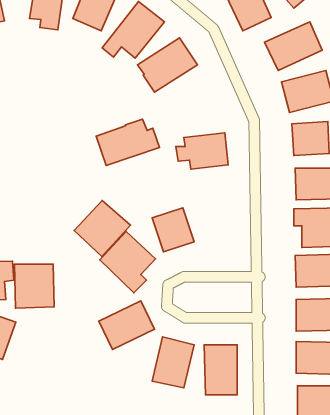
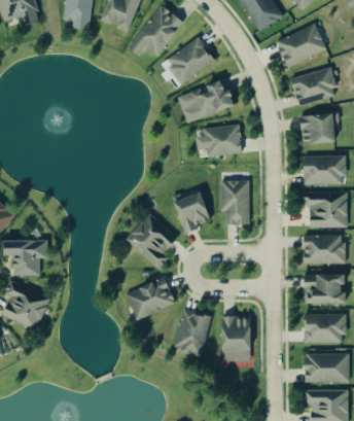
building: [96,119,160,166] -> [177,80,235,122]
building: none -> [220,180,249,224]
building: [74,200,131,256] -> none
building: [14,264,54,308] -> none

